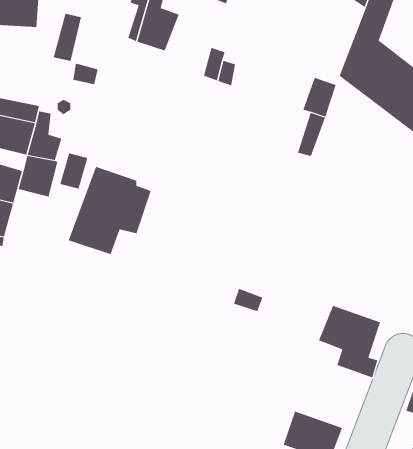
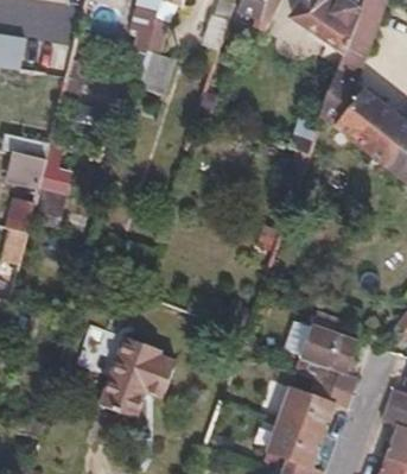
building: [68,166,152,255] -> [98,334,174,415]
building: none -> [280,378,351,435]

